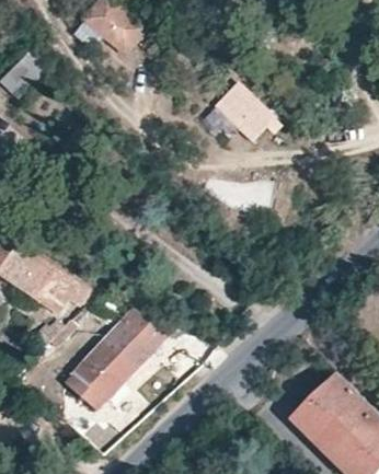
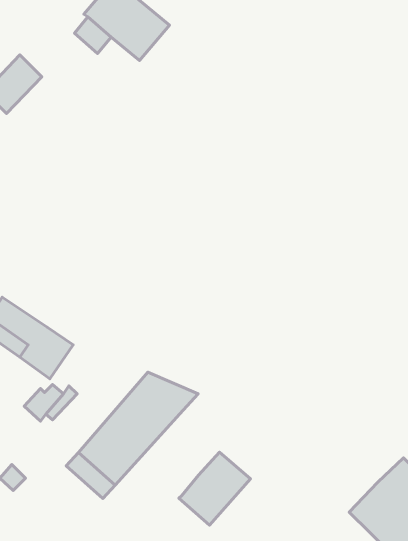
building: [218,83,274,139] -> none
building: none -> [179,452,251,525]

